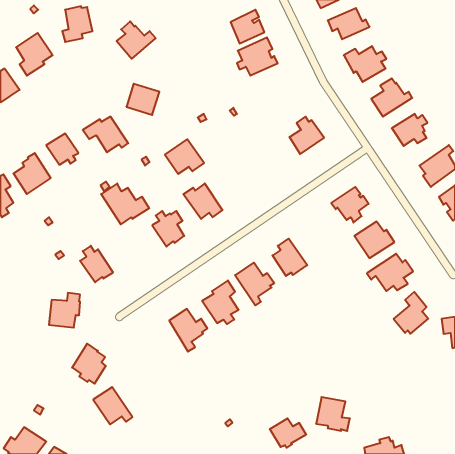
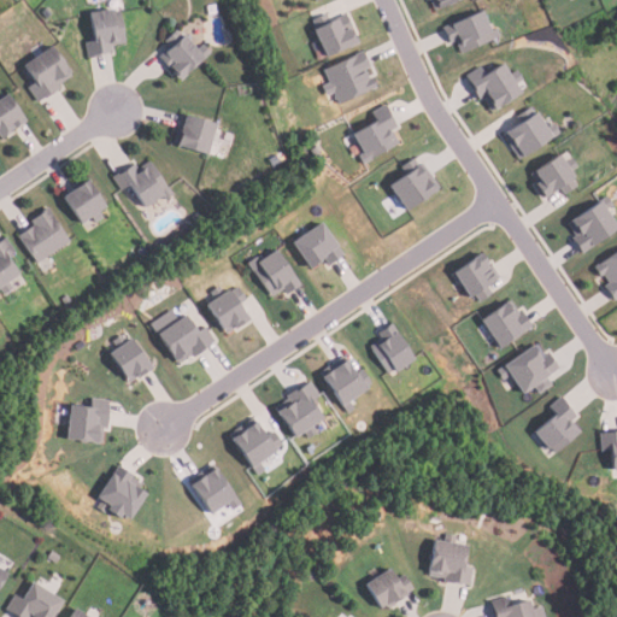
building: none -> [352,113,399,164]
building: [165,139,204,174] -> [292,222,345,269]
building: [101,183,149,224] -> [151,310,216,365]
building: [93,387,132,424] -> [187,464,240,515]

